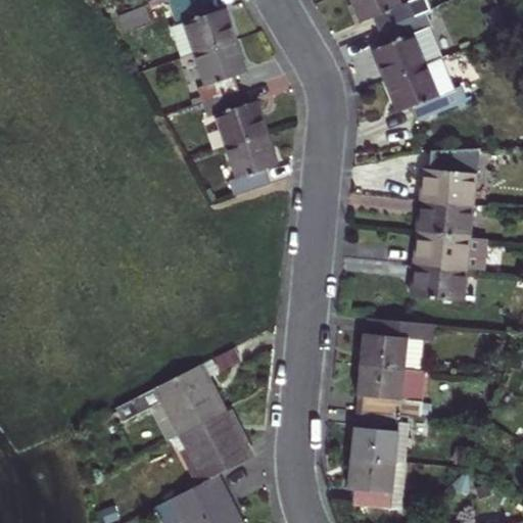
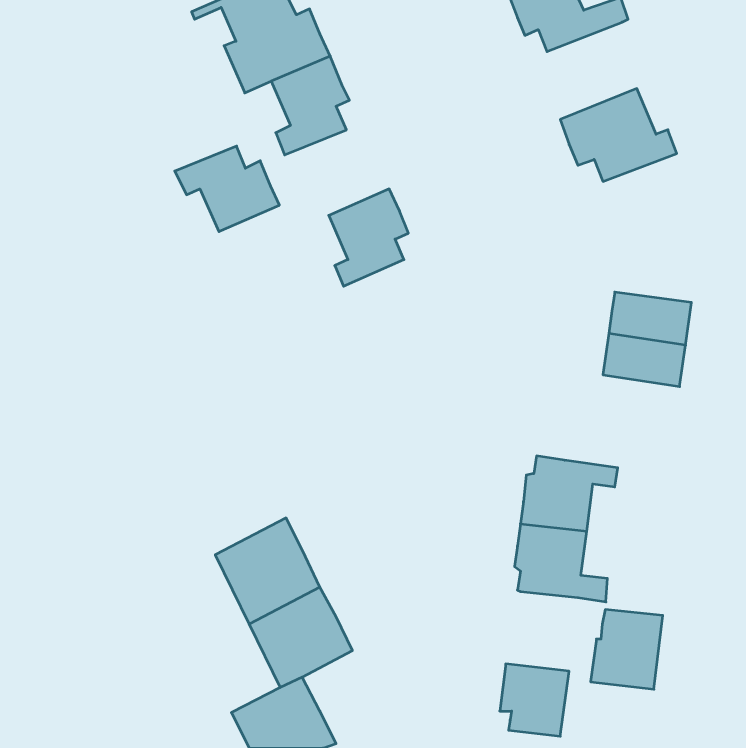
building: [376,15,444,83] -> none
building: [197,90,270,149] -> [175,146,279,232]
building: [426,148,487,209] -> none
building: [413,259,471,303] -> none
building: [350,410,400,465] -> [591,610,663,689]

